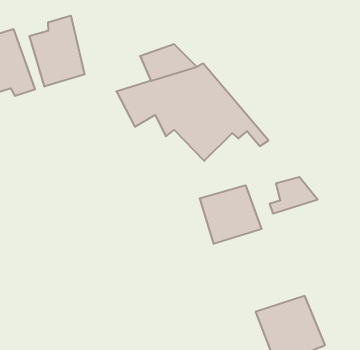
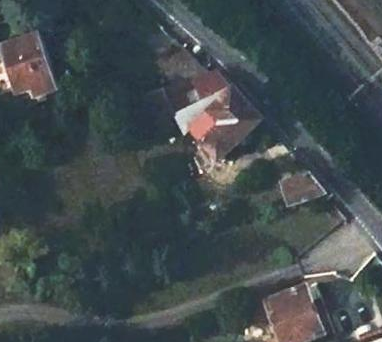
building: [29,16,85,87] -> none
building: [200,185,262,244] -> none

